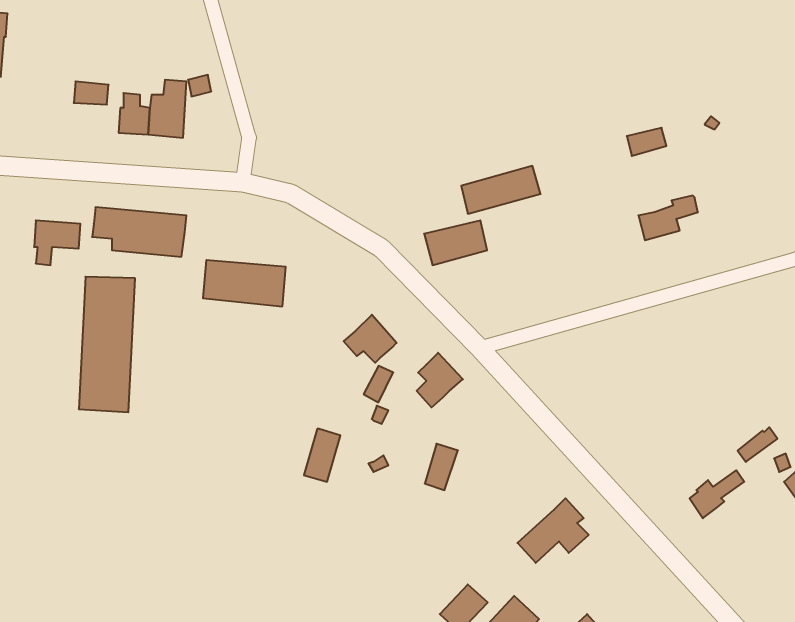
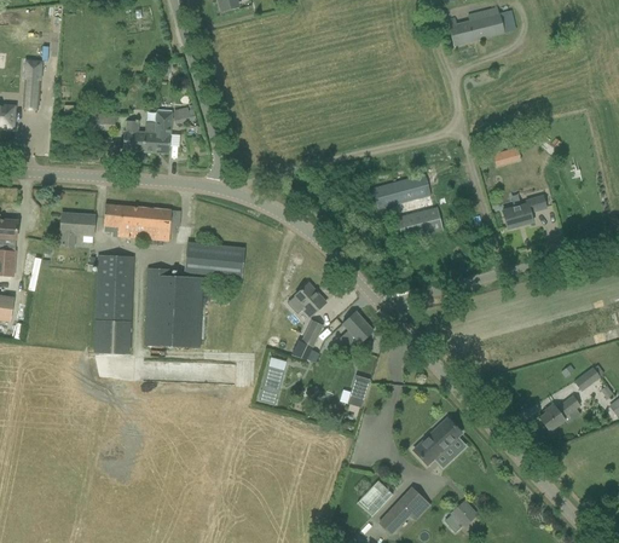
building: [424,220,487,265] -> [397,207,442,239]
building: none -> [144,267,202,346]

